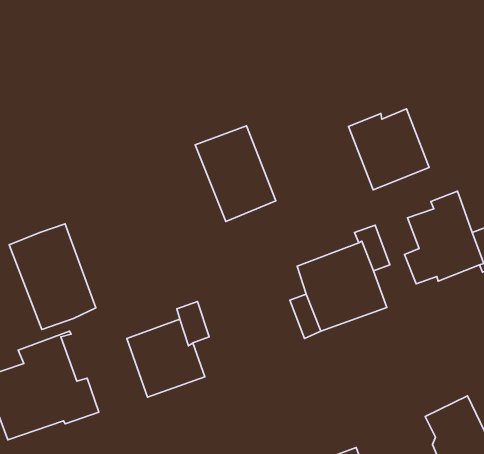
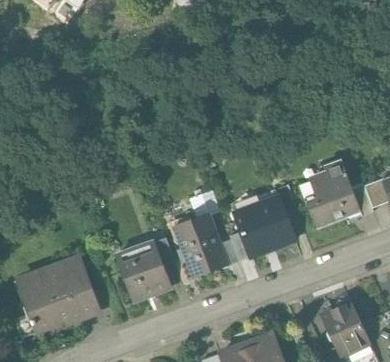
building: [349,109,429,190] -> none
building: [195,126,276,222] -> [173,213,228,278]
building: [9,224,96,330] -> none

